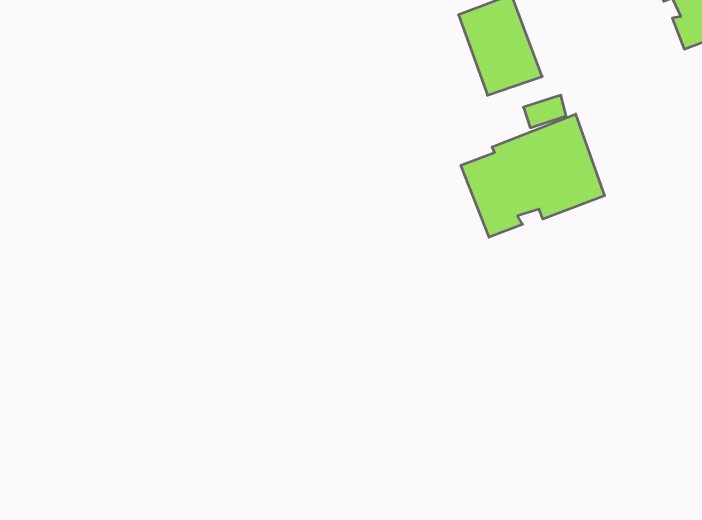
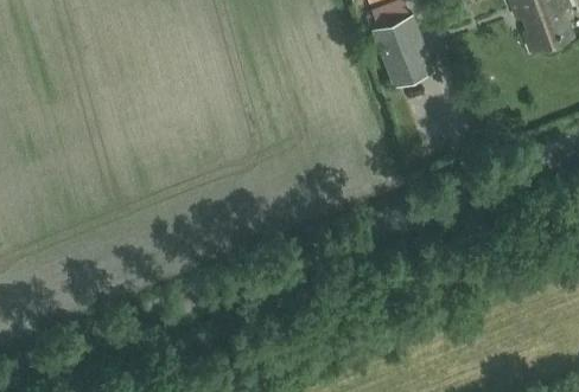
building: [461,114,605,237] -> none

